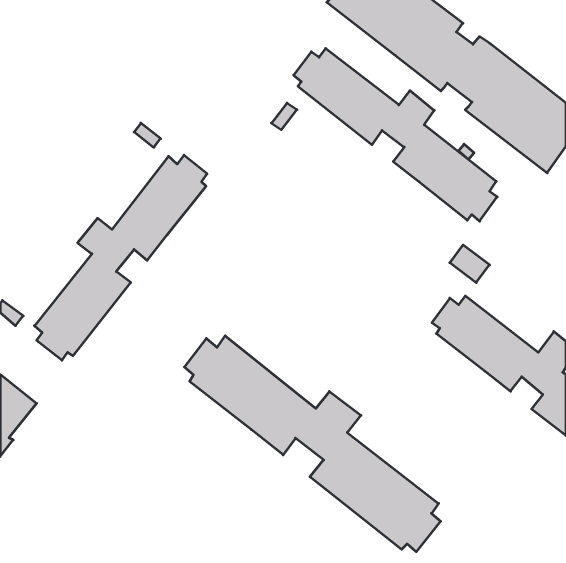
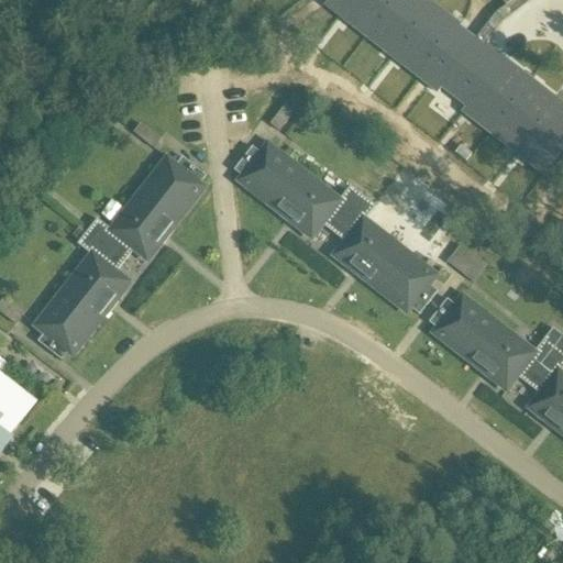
building: [294,48,497,221] -> [234,141,437,312]
building: [184,336,441,552] -> none

